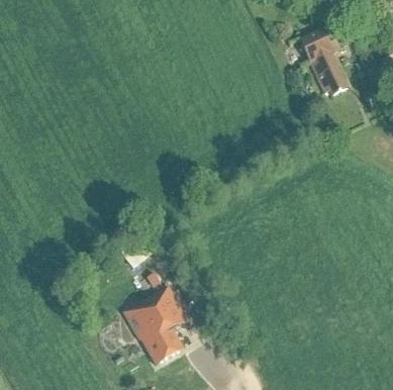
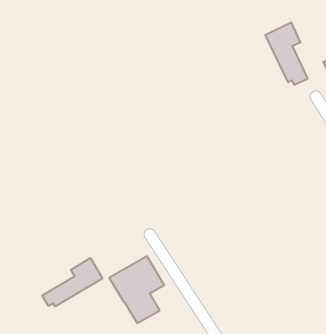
building: none -> [42,258,102,306]

